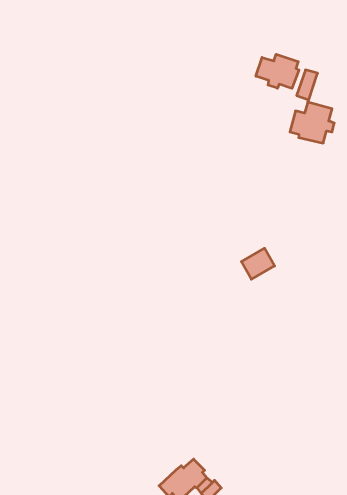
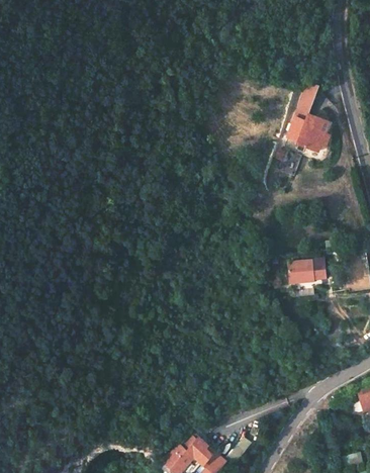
building: [256,54,299,88] -> none
building: [241,248,275,279] -> [287,259,317,287]

